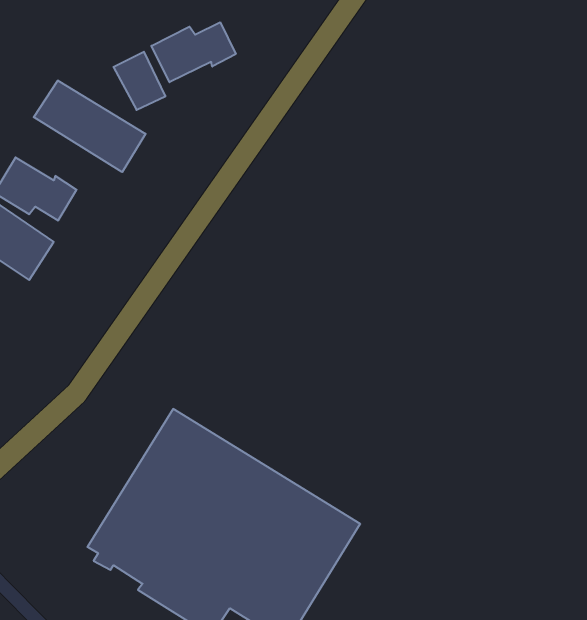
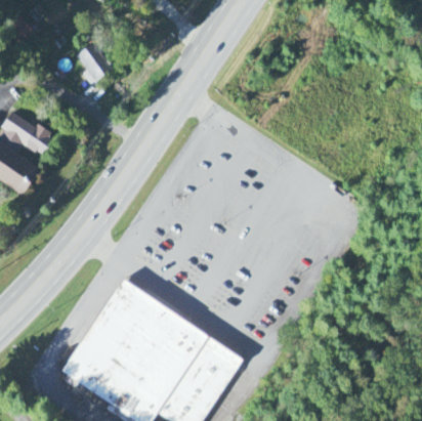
building: [151,22,236,82] -> none
building: [34,80,146,172] -> none

